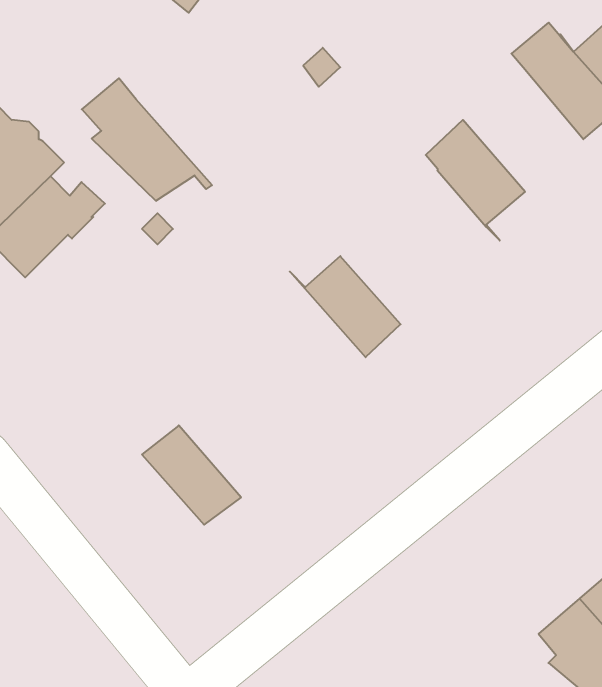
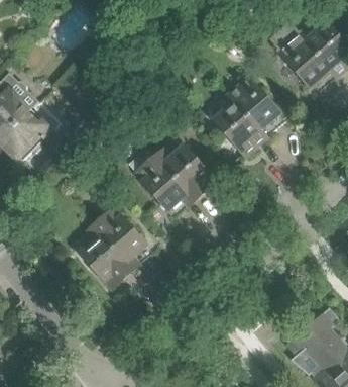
building: [82,78,212,201] -> [129,146,197,209]
building: none -> [215,104,266,158]
building: none -> [94,212,145,274]

